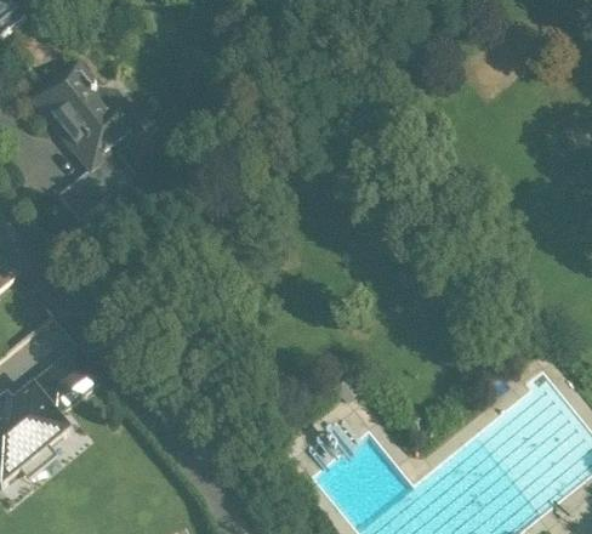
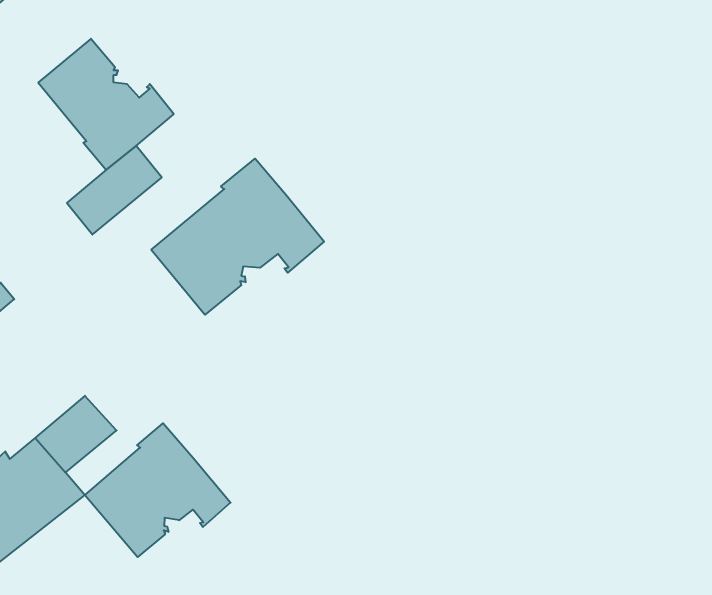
building: none -> [151,159,324,315]
building: none -> [85,423,231,557]

